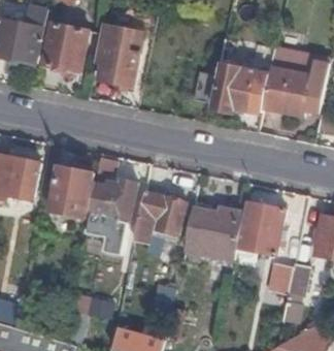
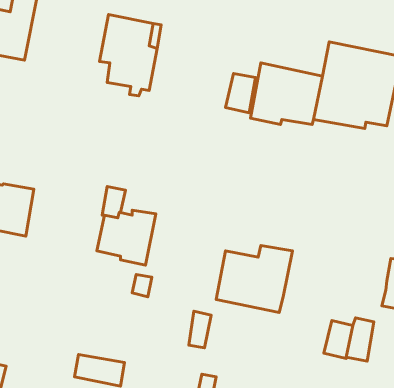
building: [43,21,88,70] -> none
building: [49,166,94,216] -> none
building: [134,191,186,242] -> none
building: [237,201,286,255] -> none

